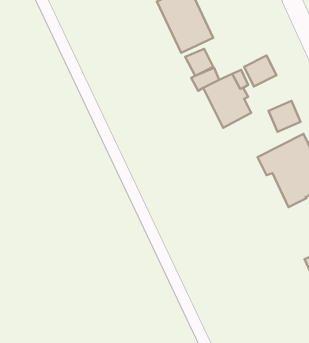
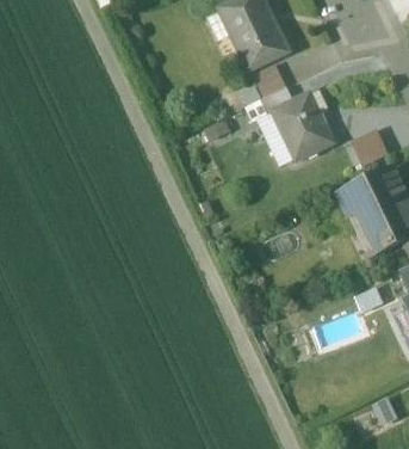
building: [244,56,276,86] -> none

